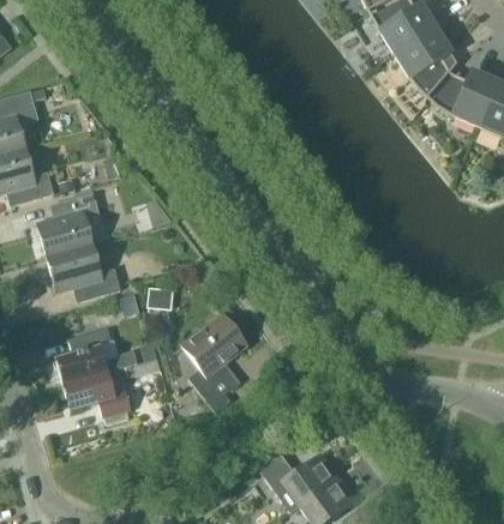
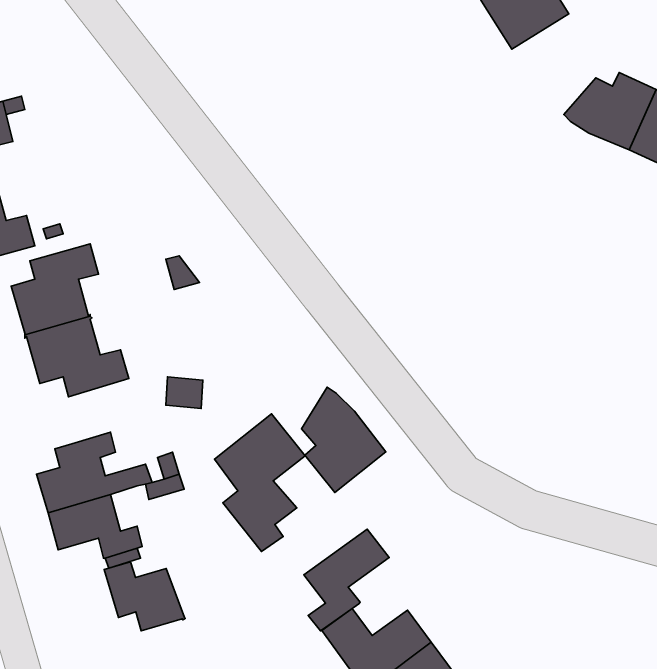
building: [395,29,457,97] -> none
building: none -> [302,387,386,492]
building: none -> [304,529,389,631]
building: none -> [104,562,185,631]

